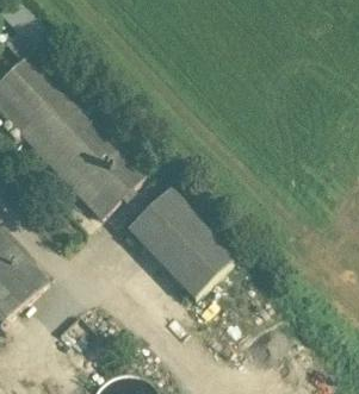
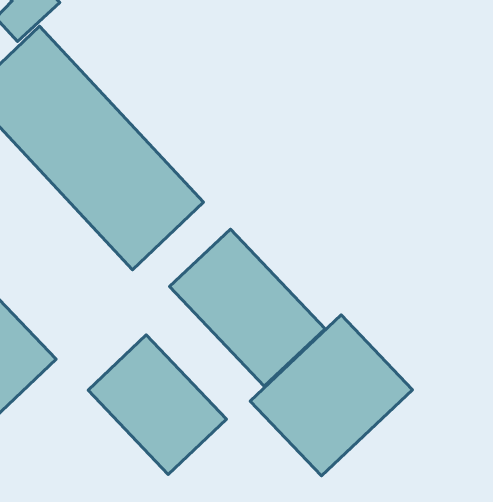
building: none -> [250,315,412,476]
building: none -> [88,335,226,475]

